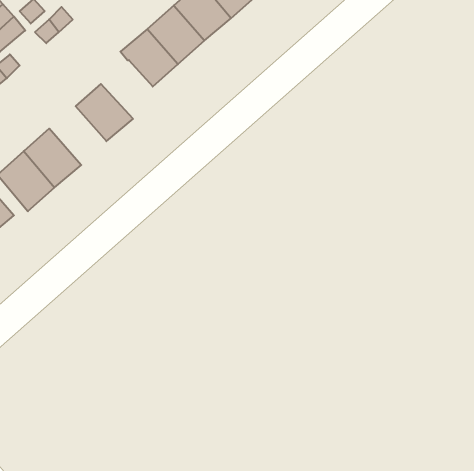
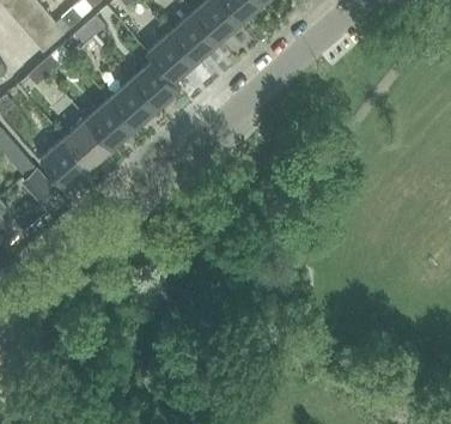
building: none -> [129,60,179,110]
building: none -> [85,99,134,150]

